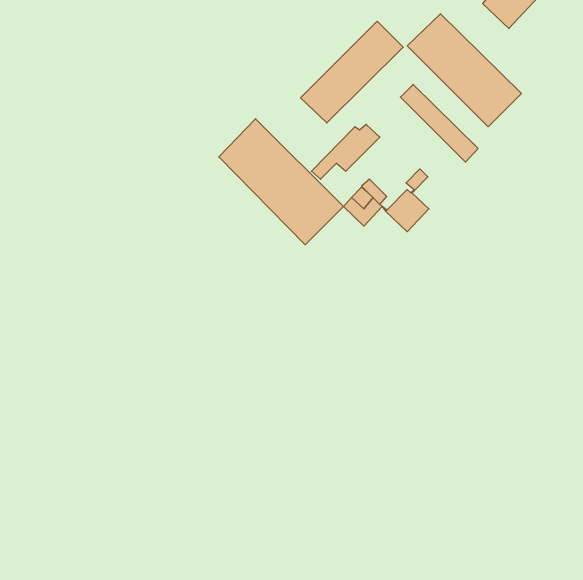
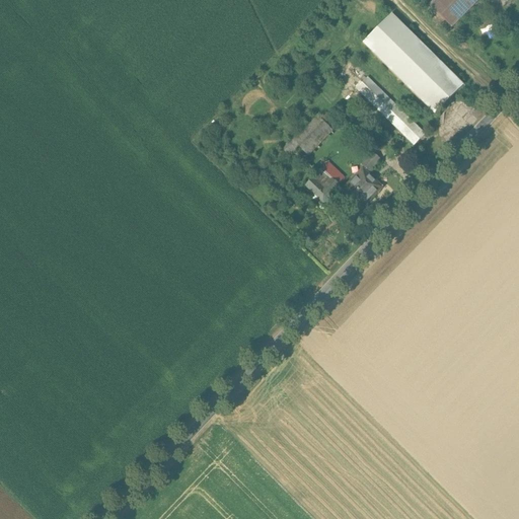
building: [301,21,403,123] -> none
building: [219,119,343,245] -> none

